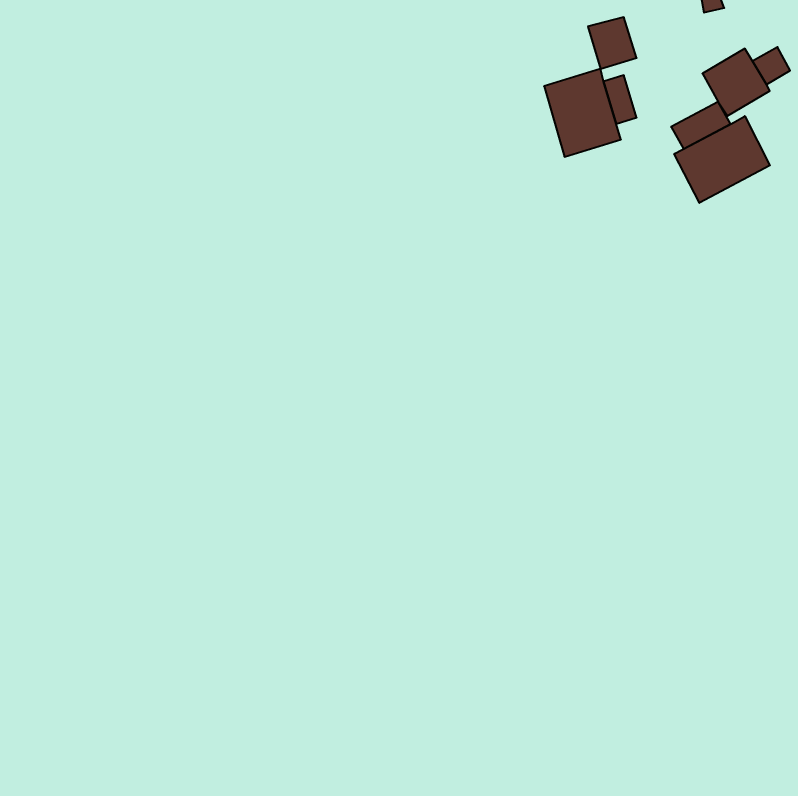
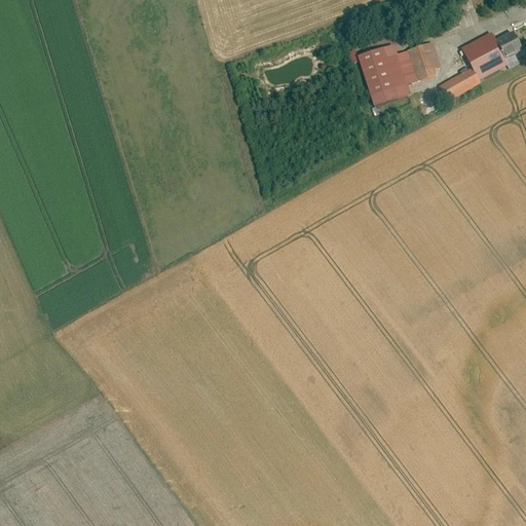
building: [588,17,637,69] -> [411,43,443,77]
building: [674,116,770,203] -> none

